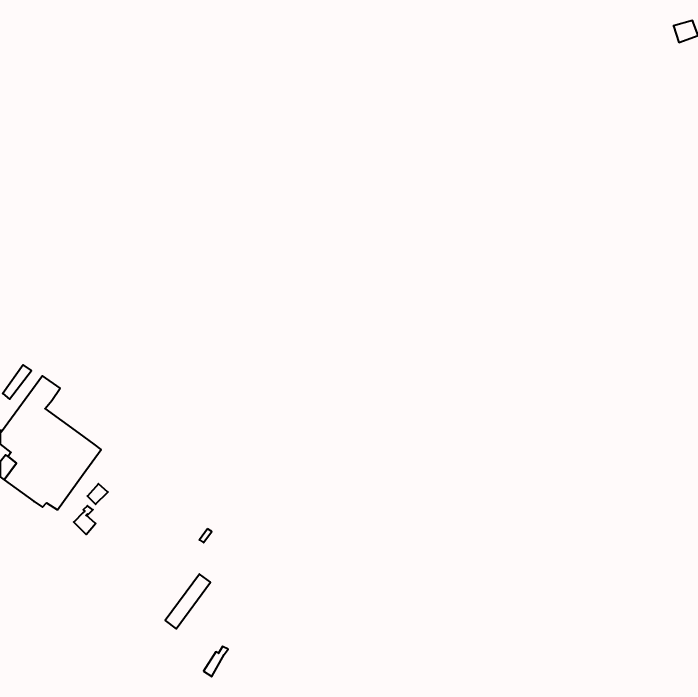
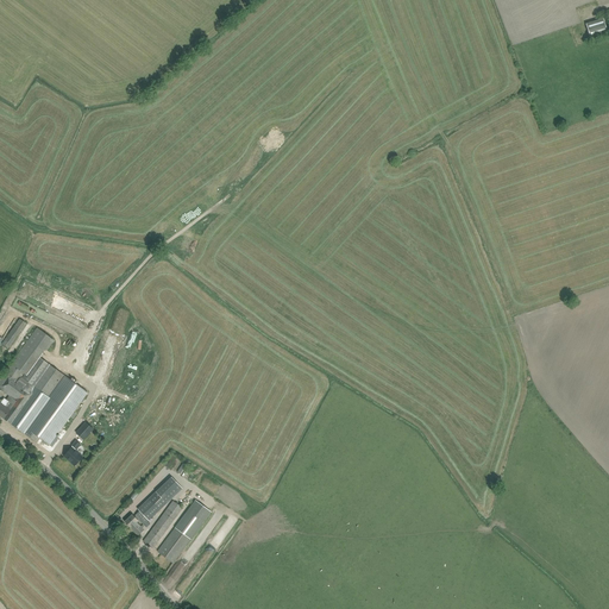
building: none -> [125,476,183,534]
building: none -> [158,500,212,561]

